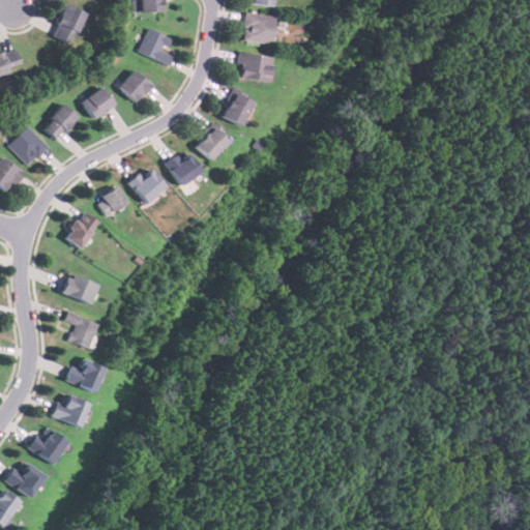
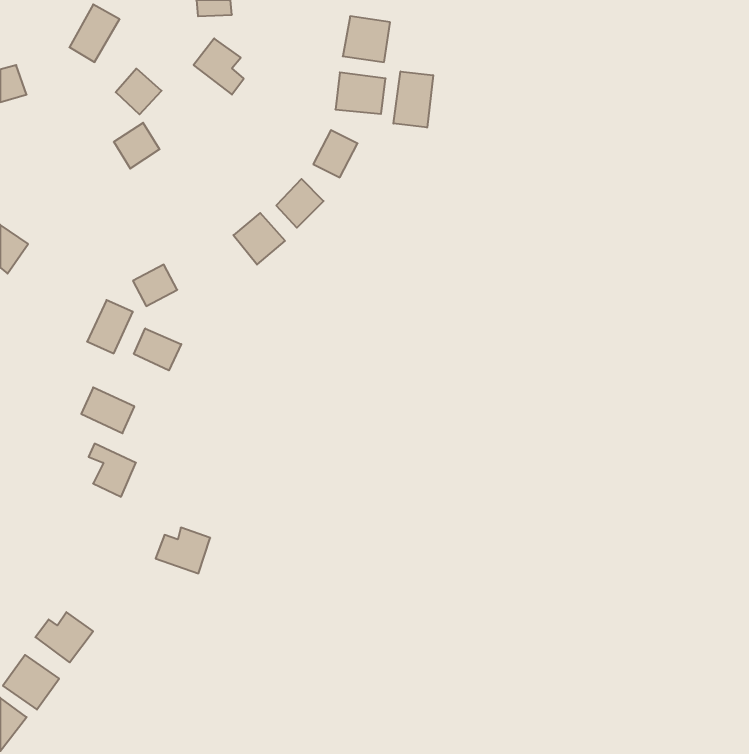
building: none -> [393,71,433,128]
building: [121,69,153,101] -> [116,69,162,114]
building: [45,105,79,139] -> none
building: [9,126,49,167] -> none
building: [130,167,168,204] -> none
building: none -> [134,328,181,370]
building: [65,359,104,391] -> [156,528,210,573]
building: [53,392,89,426] -> none

